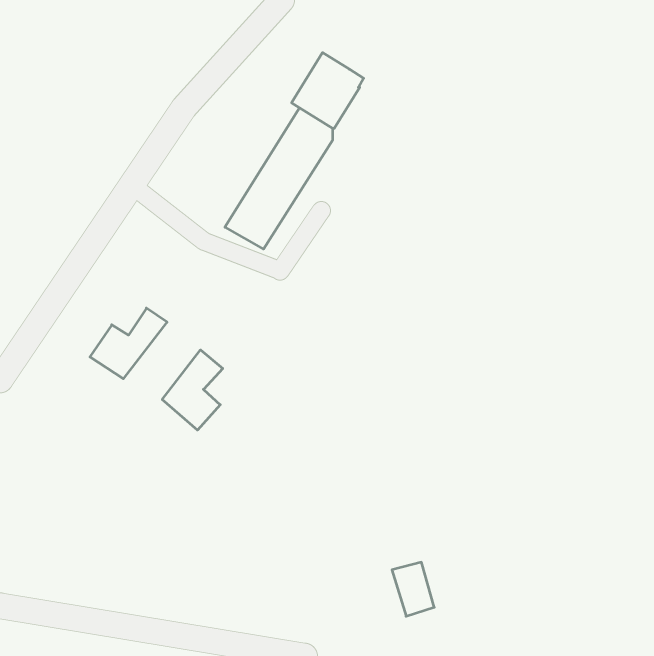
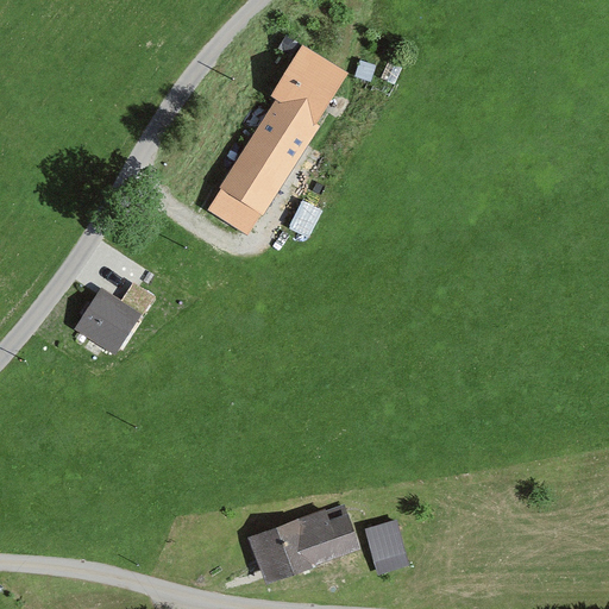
building: [162,350,223,430] -> none
building: none -> [247,507,356,578]

